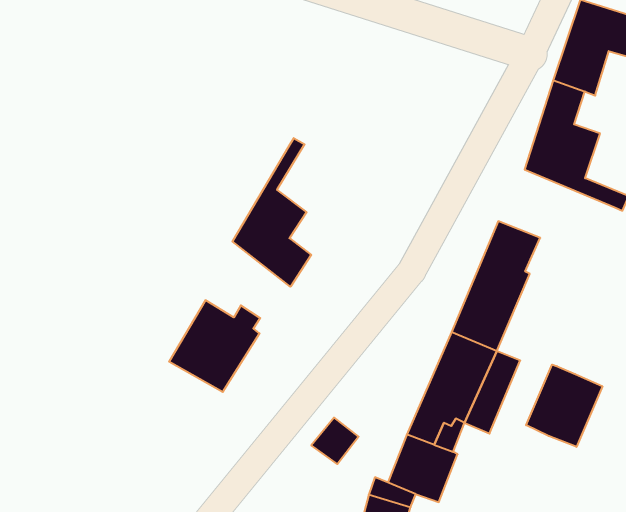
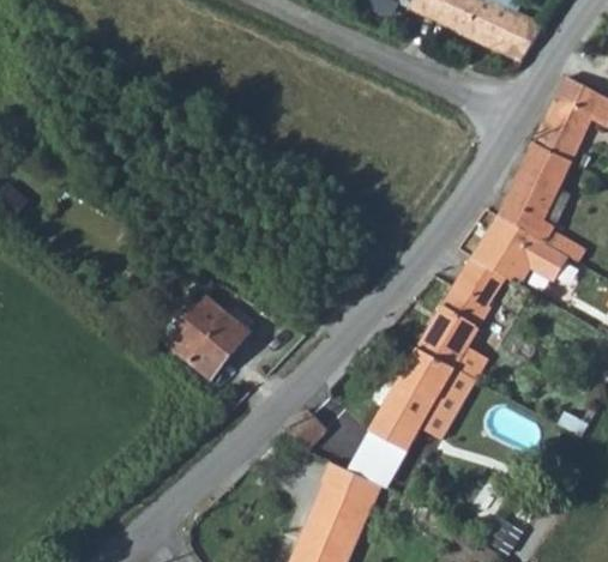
building: [232,138,311,287] -> none
building: none -> [470,216,573,286]
building: [526,365,602,447] -> none

